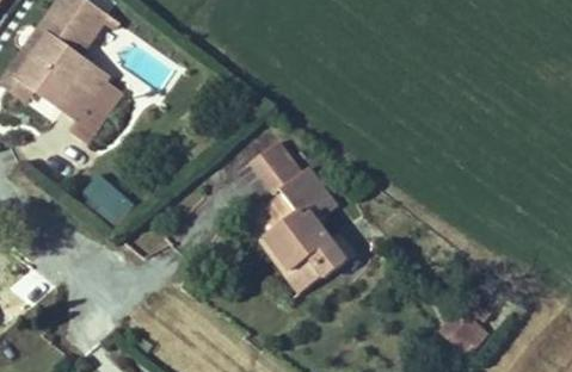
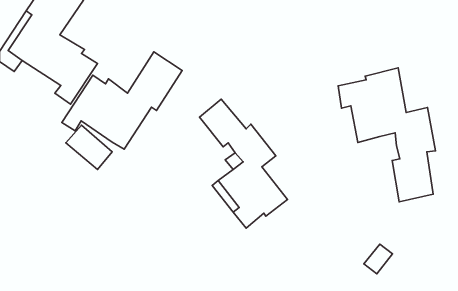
building: none -> [62,52,182,149]
building: none -> [338,68,435,202]

